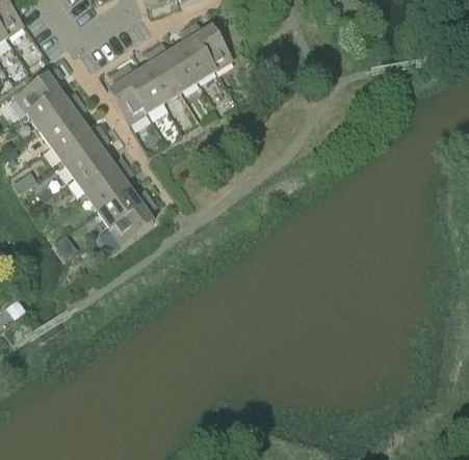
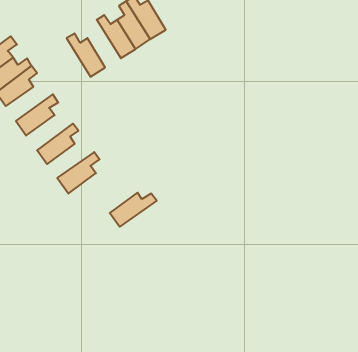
building: [144,47,181,101] -> none
building: [108,67,147,123] -> none
building: [51,123,104,161] -> none
building: [74,155,127,194] -> none
building: [98,187,151,225] -> [110,193,157,227]

